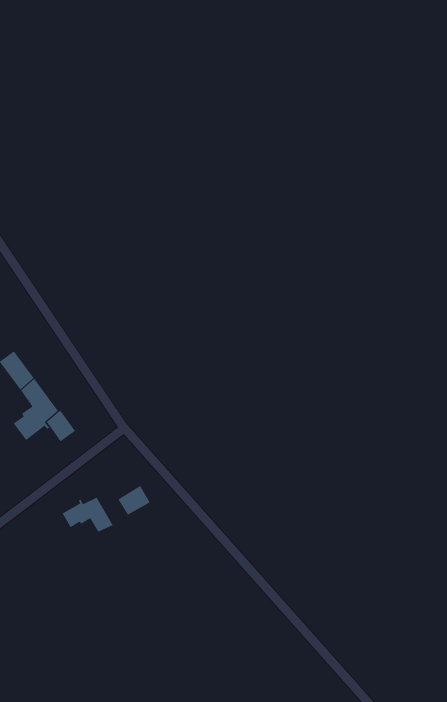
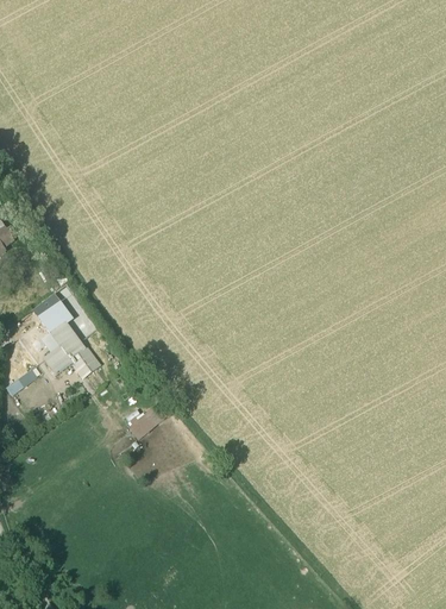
building: [62,497,113,532] -> none

